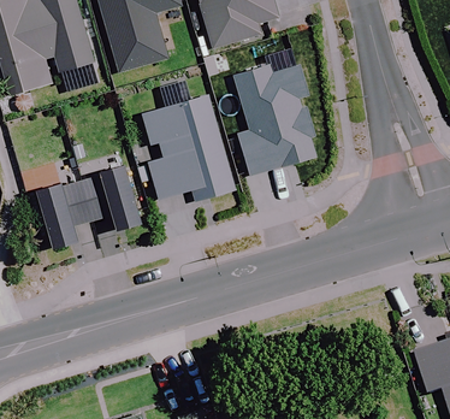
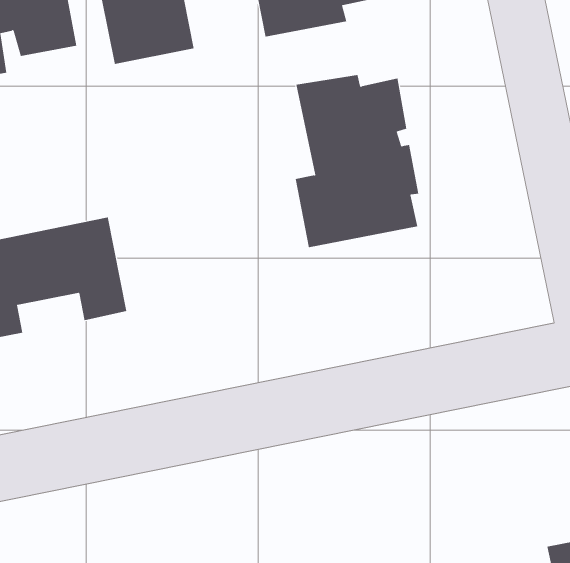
building: [141,94,236,201] -> none

